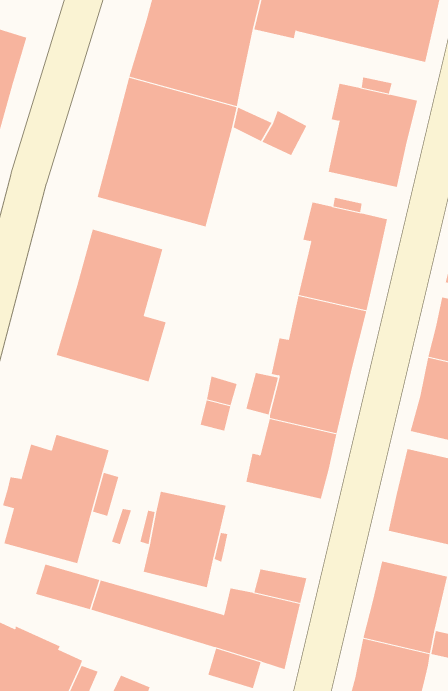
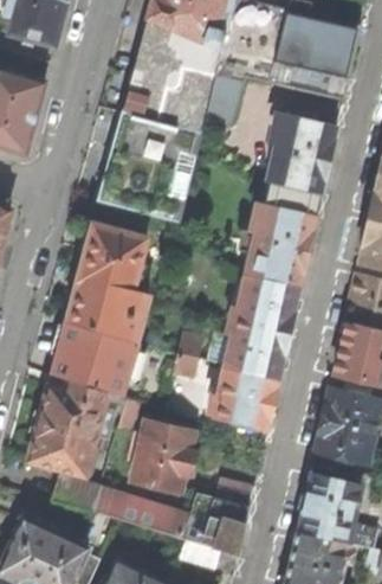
building: none -> [205,76,245,128]
building: none -> [51,320,137,396]

